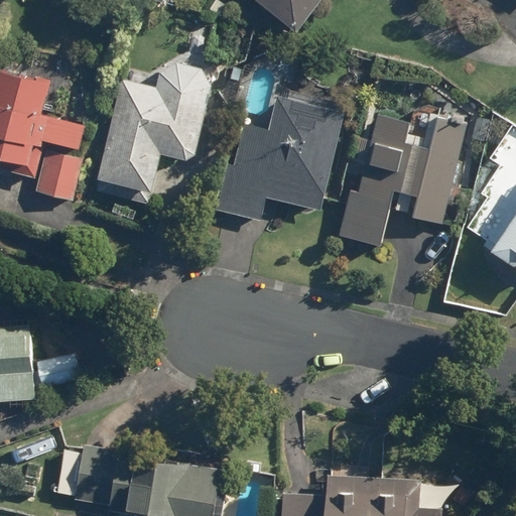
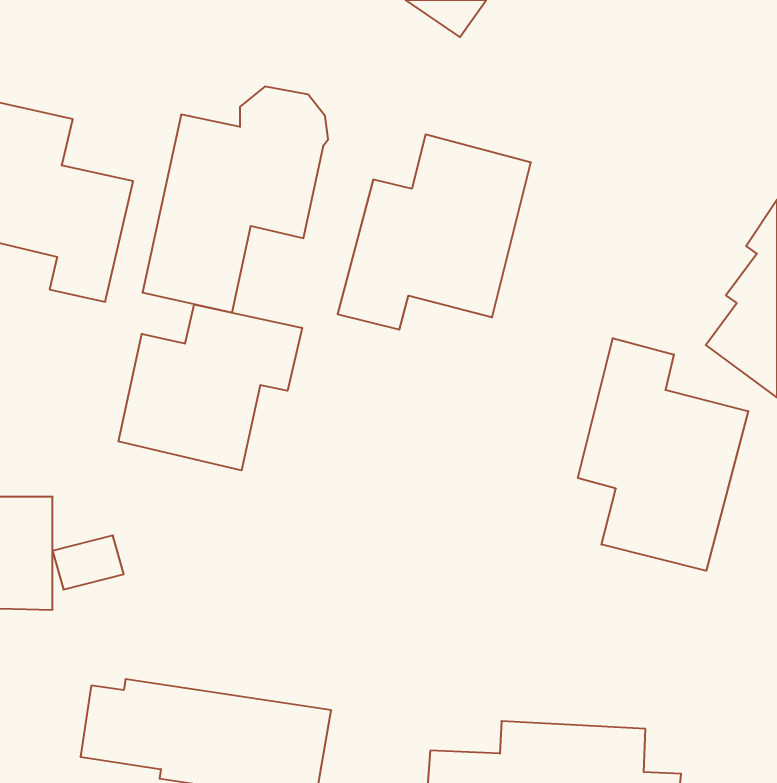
building: [334,109,470,247] -> none
building: none -> [118,304,302,470]
building: none -> [578,338,748,571]

